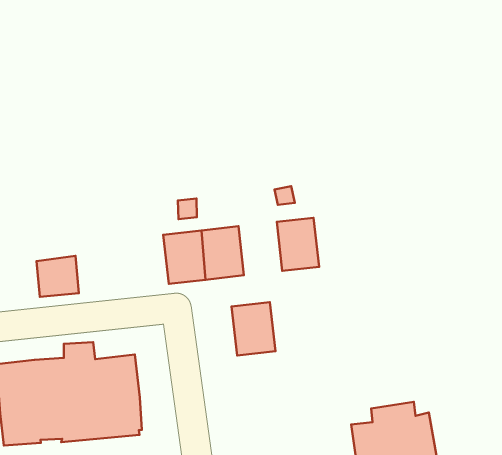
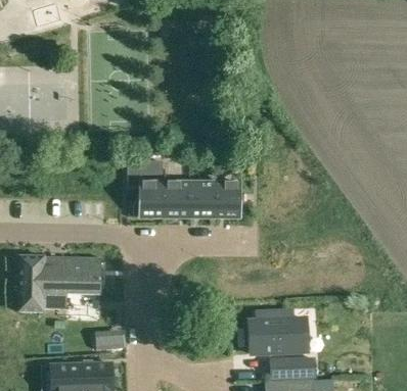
building: [37,256,79,297] -> none
building: [231,302,275,355] -> [186,182,212,214]

